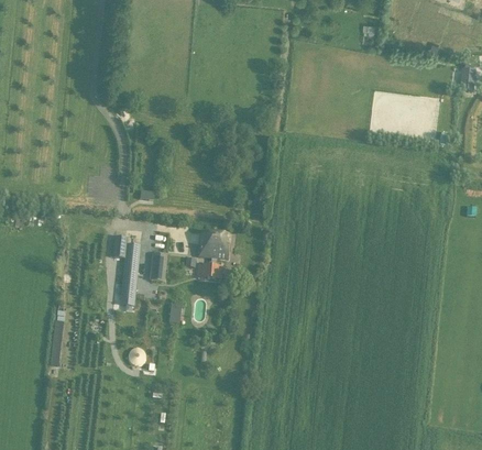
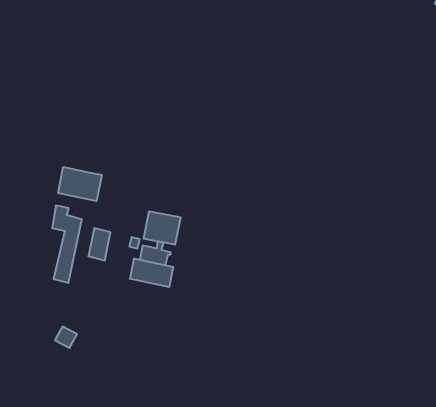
building: none -> [58,167,102,201]
building: none -> [130,259,173,287]

